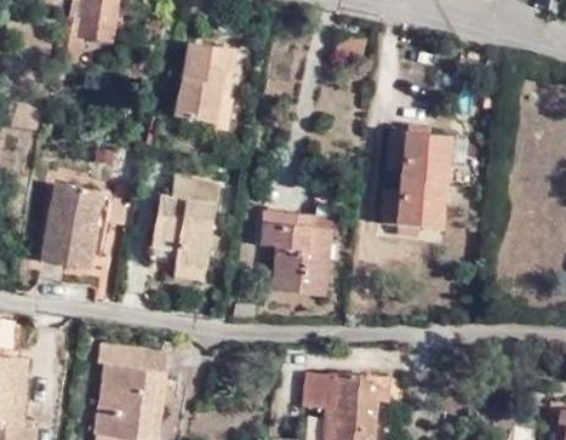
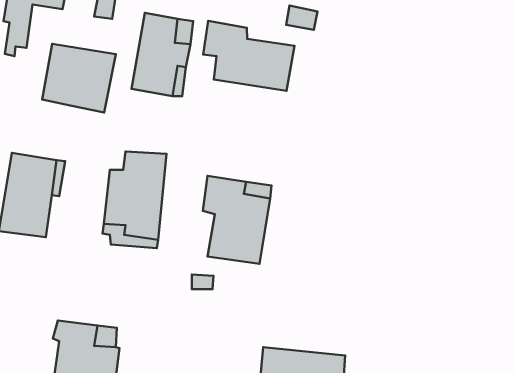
building: none -> [203,21,294,91]
building: none -> [42,44,116,112]
building: [387,136,459,240] -> none

